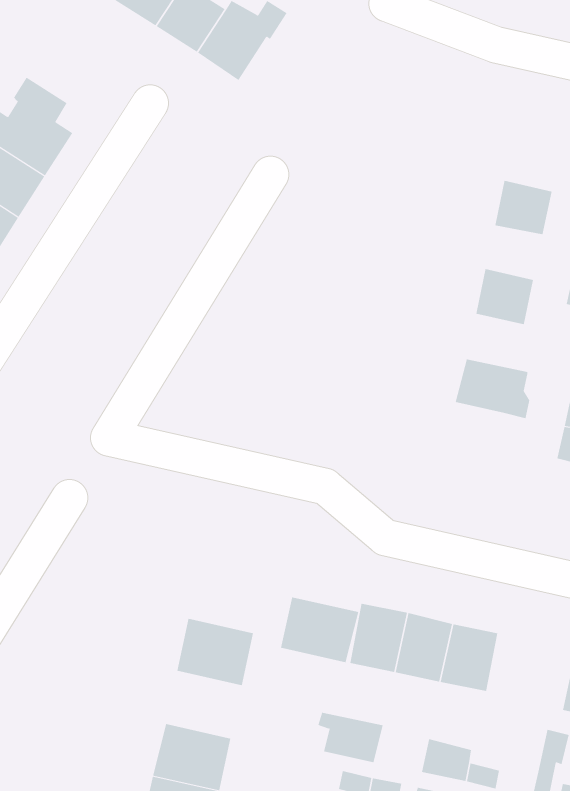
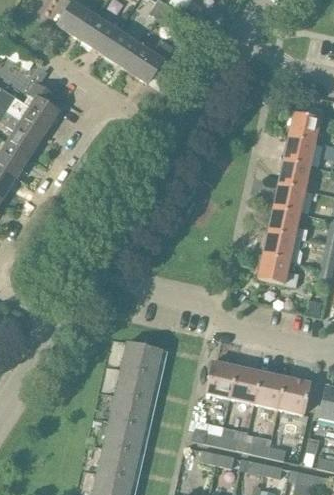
building: none -> [288,112,319,142]
building: none -> [278,160,309,189]
building: none -> [268,207,307,239]
building: none -> [257,254,298,287]
building: [280,597,359,663] -> [120,342,162,377]
building: none -> [279,377,310,414]
building: none -> [108,397,149,433]
building: none -> [219,426,248,451]

